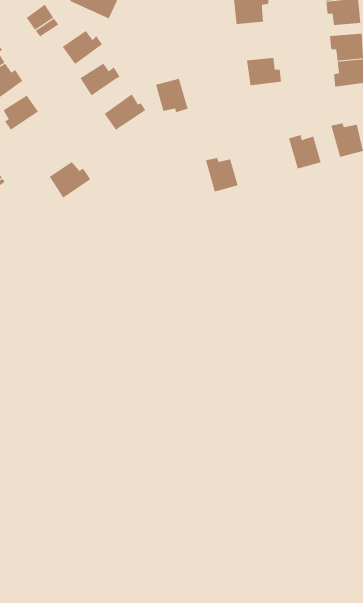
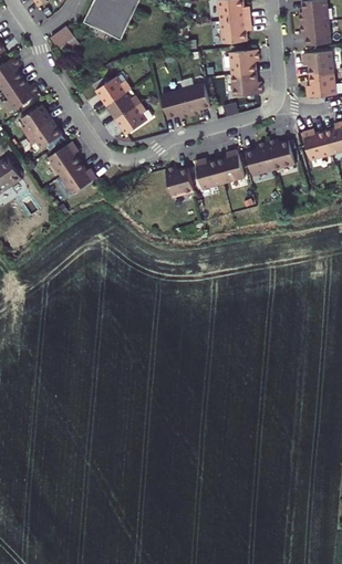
building: [62,30,103,65] -> [97,92,133,122]
building: none -> [230,51,259,75]
building: none -> [174,84,201,117]
building: none -> [28,119,62,148]
building: none -> [49,142,81,176]
building: none -> [248,143,276,176]
building: none -> [218,150,246,184]
building: none -> [166,167,195,198]

